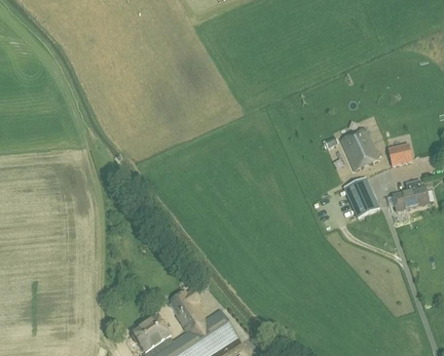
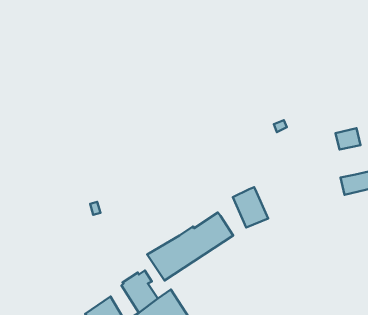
building: [340,127,380,171] -> none
building: [344,176,380,217] -> [233,187,268,228]
building: none -> [147,213,233,280]

